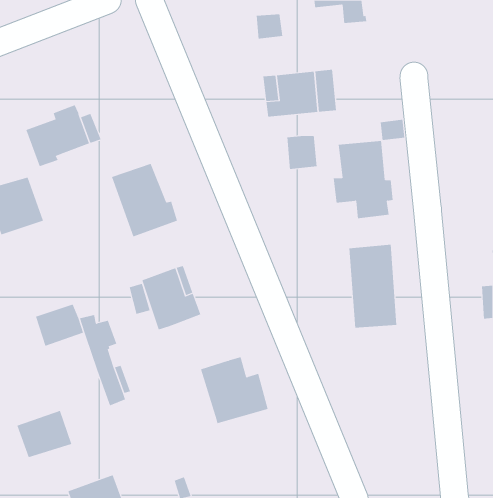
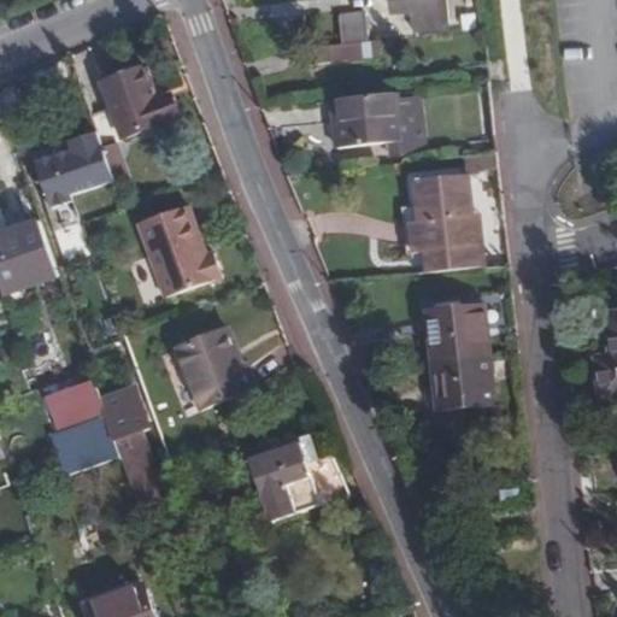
building: none -> [87,65,170,141]
building: [287,135,317,170] -> none
building: [17,410,72,458] -> [51,416,119,475]

